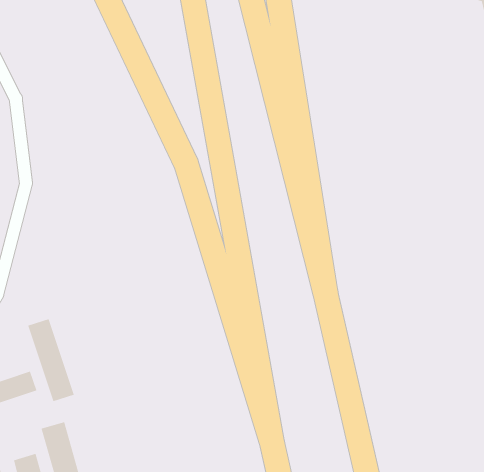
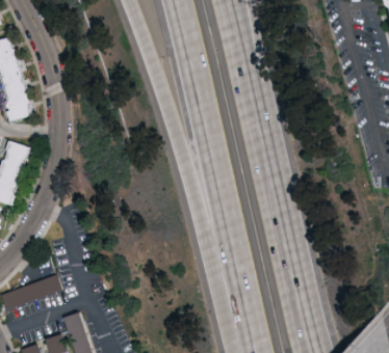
building: [27,318,75,402] -> none

